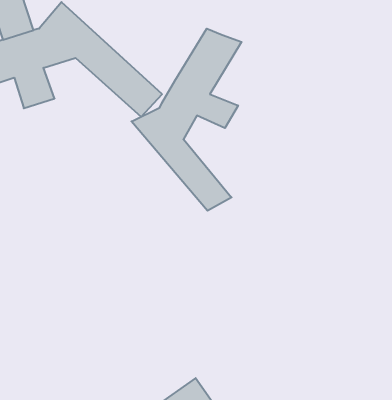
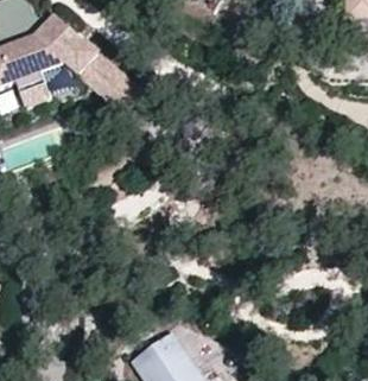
building: [131,29,242,211] -> none

